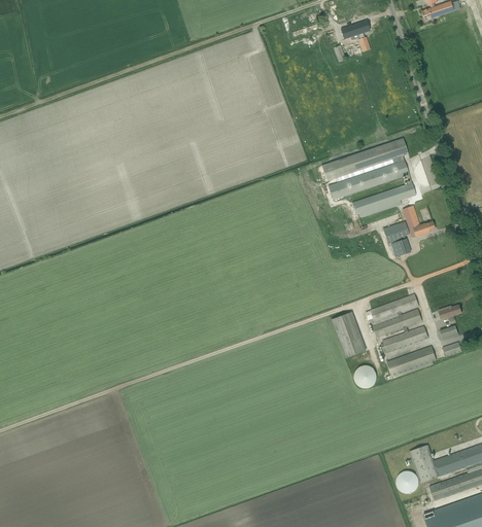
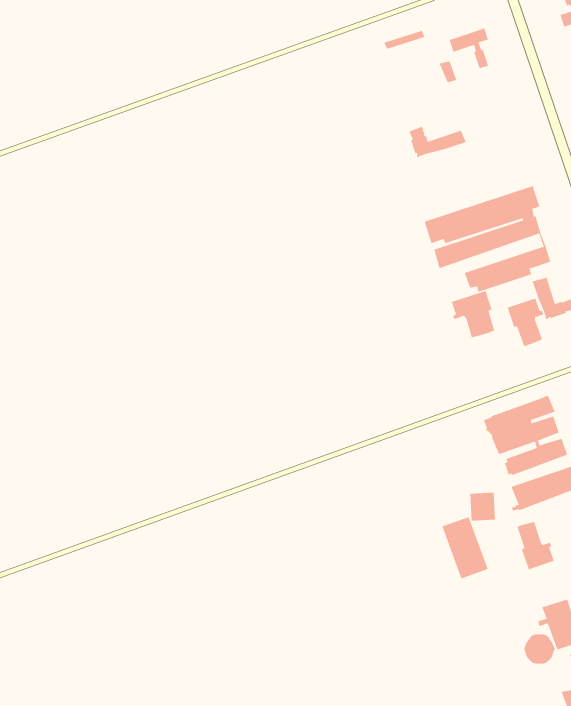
building: none -> [409,126,467,158]
building: none -> [451,290,495,338]
building: [331,312,366,358] -> [441,517,489,579]
building: none -> [517,521,554,570]

